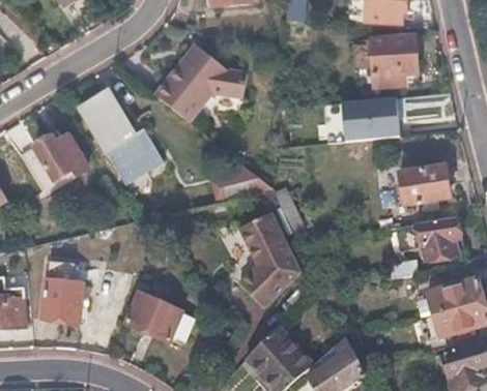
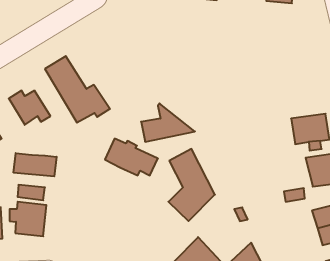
building: [371,36,417,89] -> none
building: [151,41,240,119] -> none
building: [348,100,407,144] -> none
building: none -> [14,153,57,176]
building: [128,295,197,342] -> [105,139,158,175]

